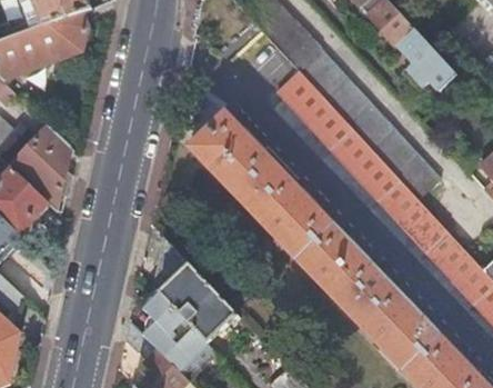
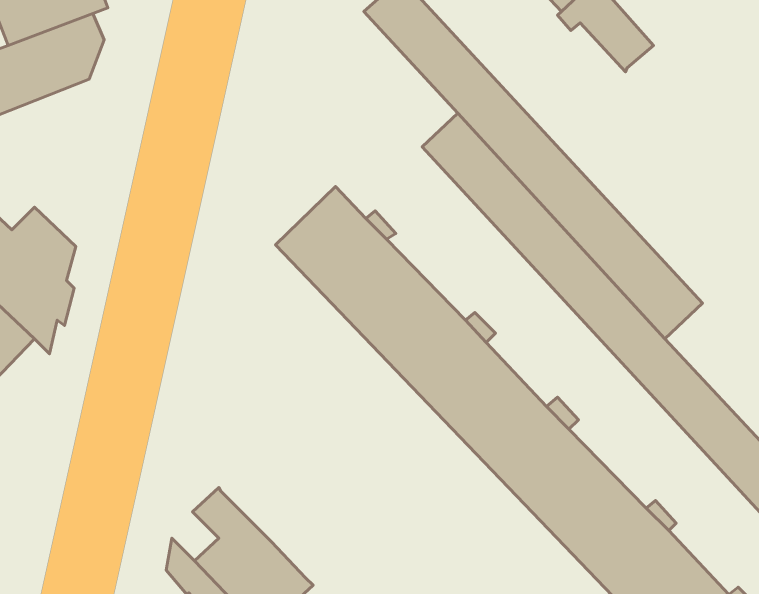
building: [398,30,454,89] -> none
building: [158,243,238,345] -> none

